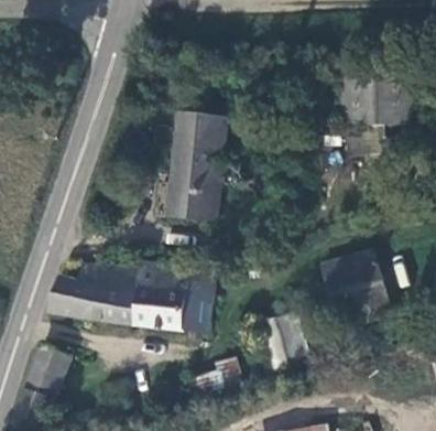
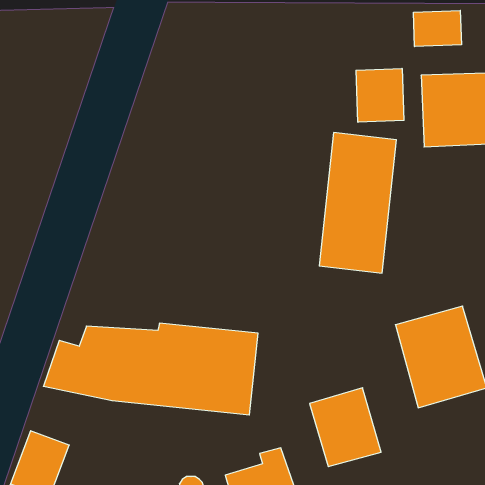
building: none -> [414,10,461,47]
building: none -> [356,68,404,122]
building: [167,114,227,222] -> [319,133,396,273]

